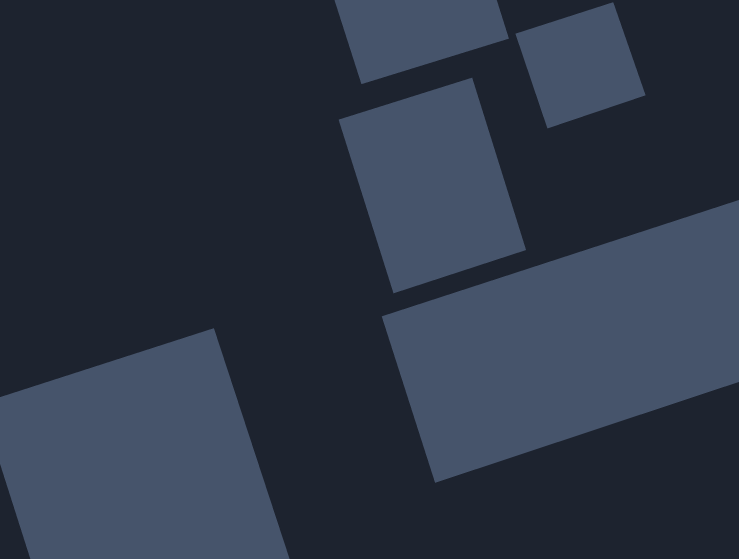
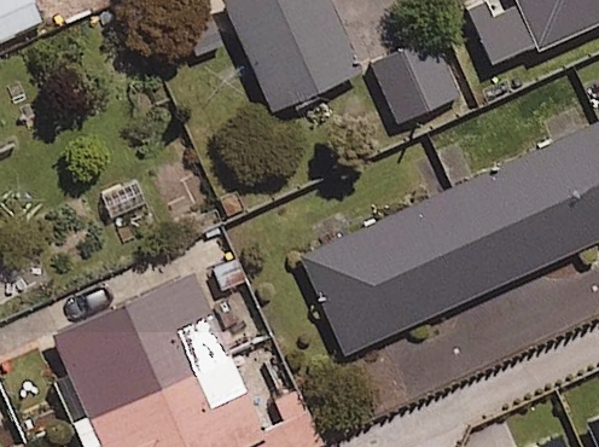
building: [338,77,527,294] -> none

